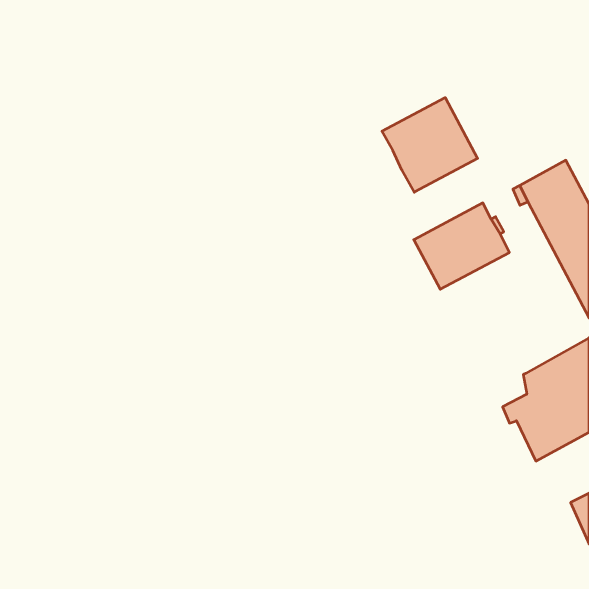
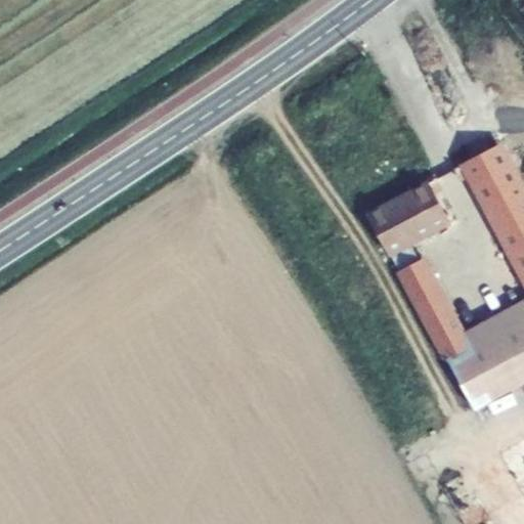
building: [382,98,478,192] -> none
building: none -> [397,257,468,361]

